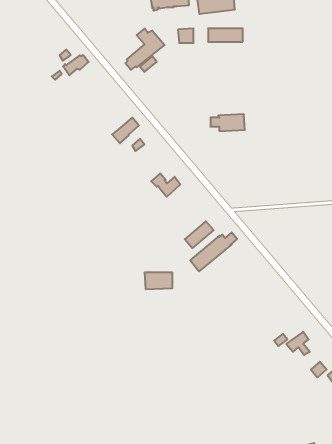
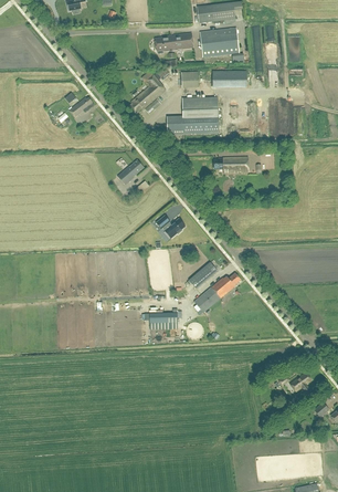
building: none -> [167,97,219,134]

